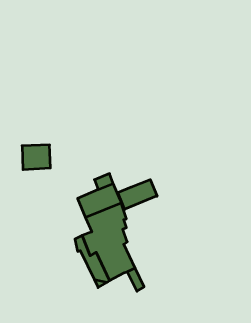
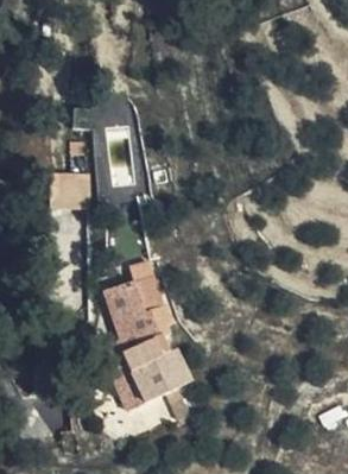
building: [22,145,50,170] -> [49,175,87,208]
building: [118,180,157,210] -> none

